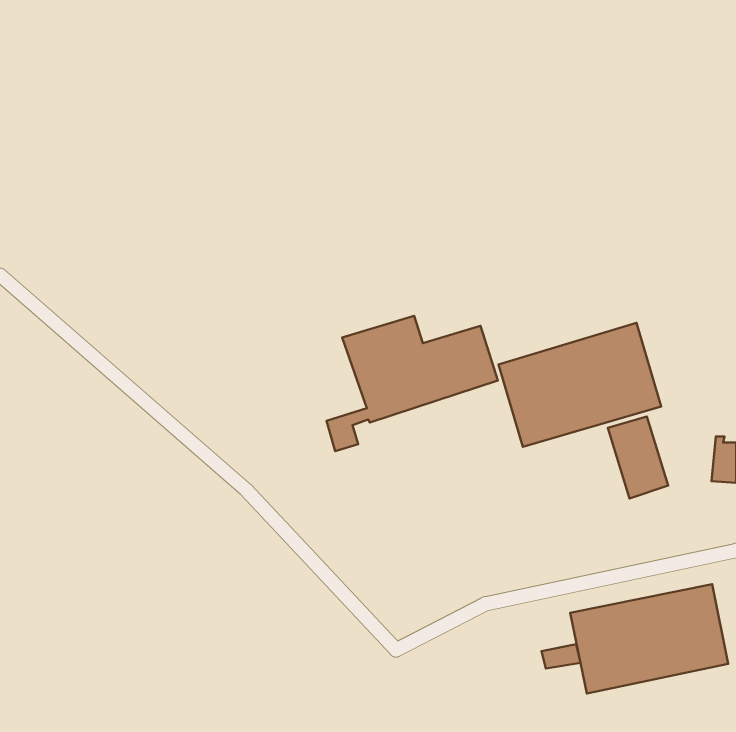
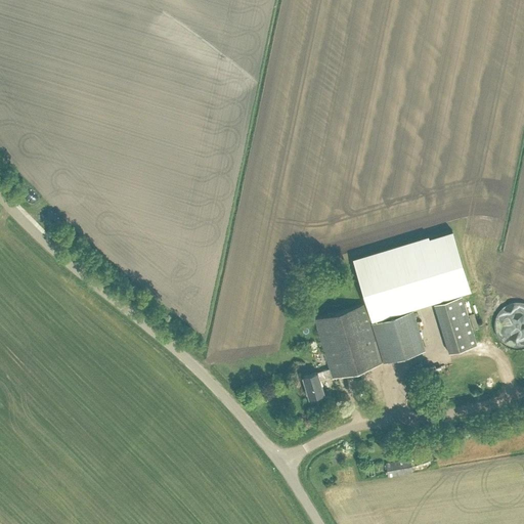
building: [326,316,498,451] -> [303,305,425,401]
building: [570,584,728,693] -> none

